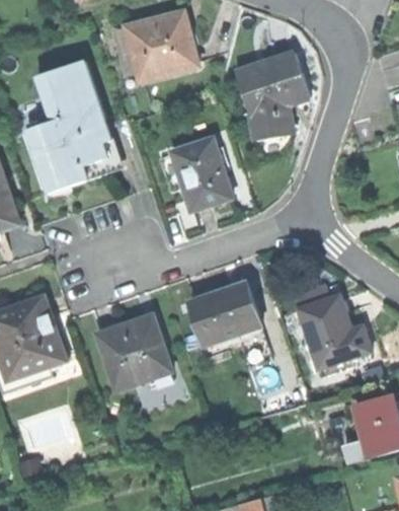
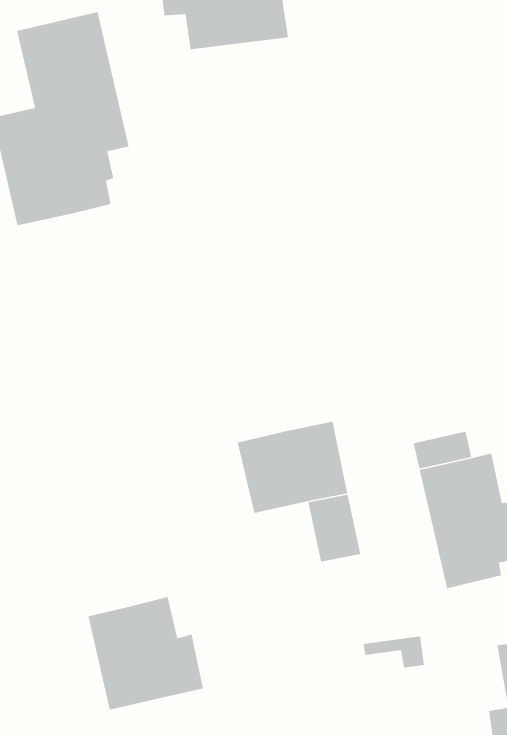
building: [239,52,310,139] -> none
building: [172,137,232,209] -> none
building: [97,316,169,386] -> [88,596,204,711]

